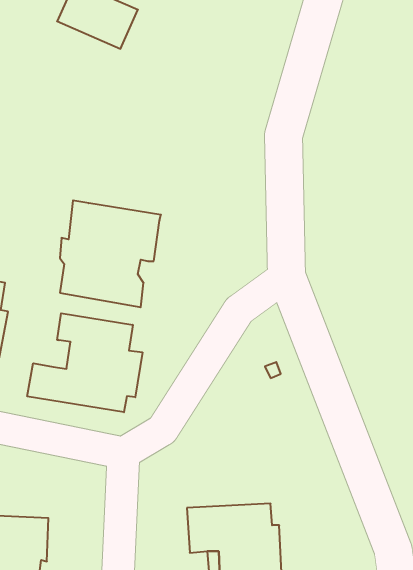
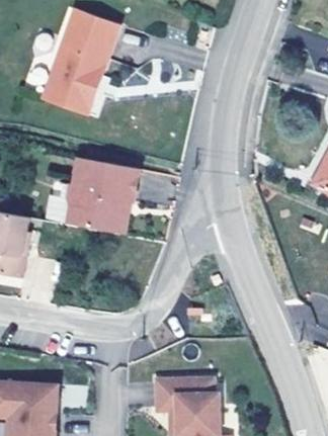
building: none -> [38,35,108,116]
building: [27,313,142,412] -> none

